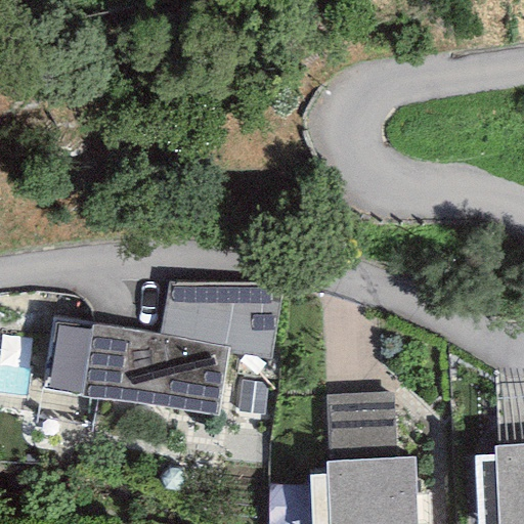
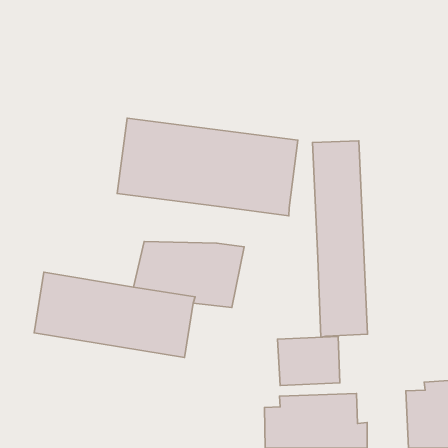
building: none -> [117,118,298,216]
building: none -> [313,141,367,337]

